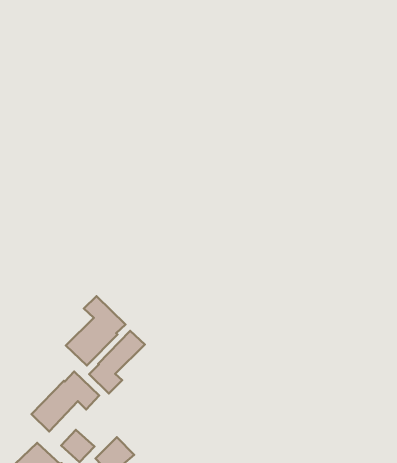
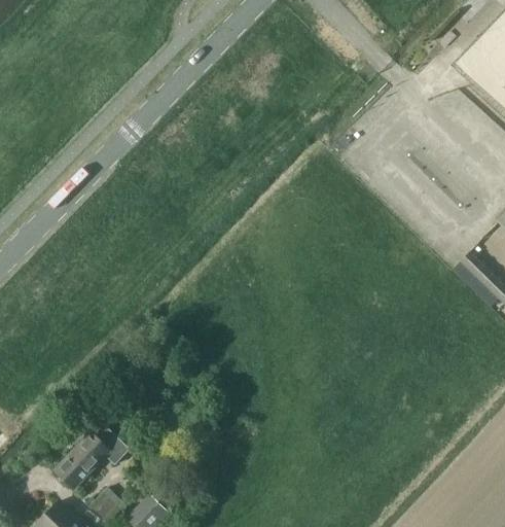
building: [66,296,126,366] -> none
building: [89,331,145,393] -> none

